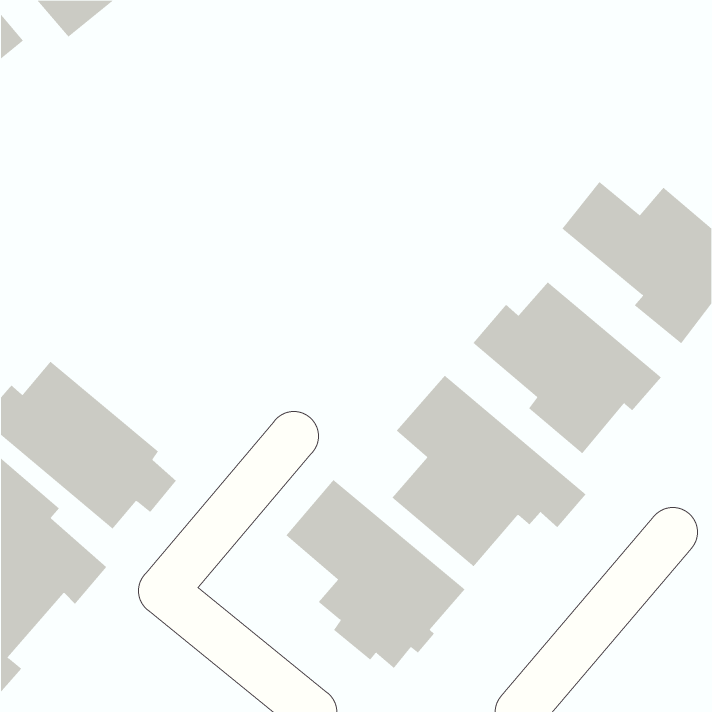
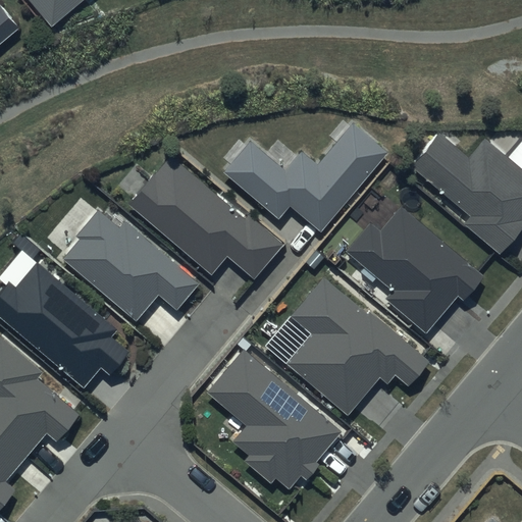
building: none -> [223,123,387,231]
building: none -> [129,157,283,278]
building: none -> [61,212,201,321]

